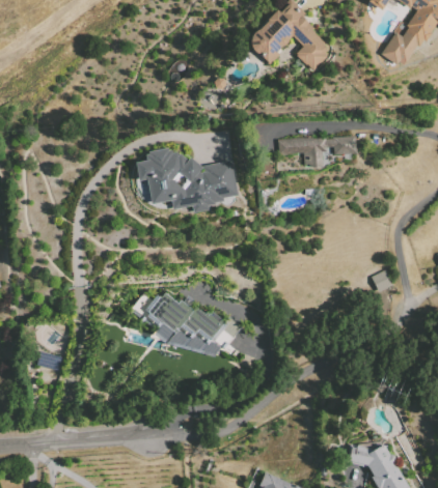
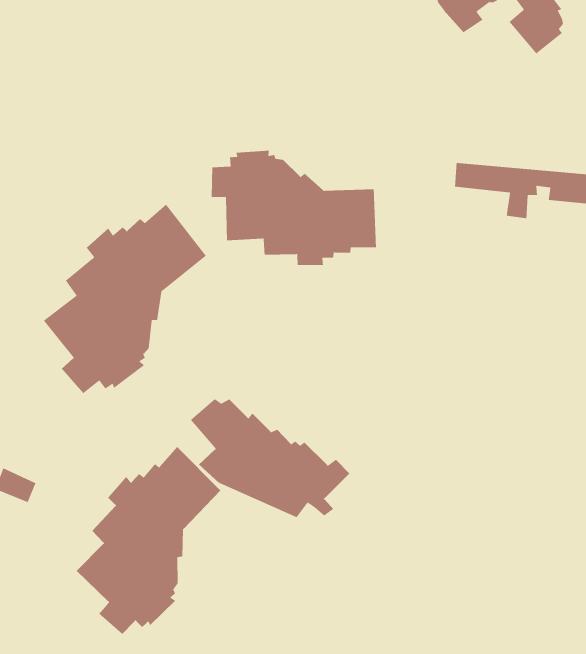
building: none -> [43,204,207,394]
building: none -> [76,446,221,635]

